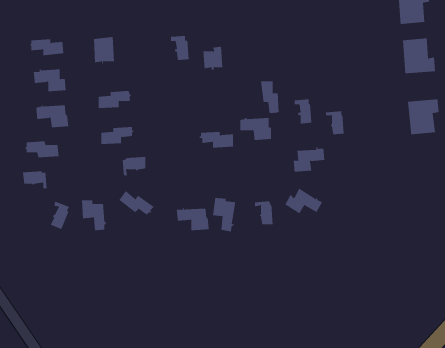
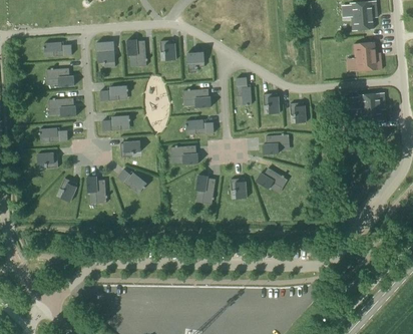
building: none -> [125,40,146,66]
building: [239,118,272,140] -> [182,89,210,108]
building: [176,207,210,231] -> [169,145,197,165]

